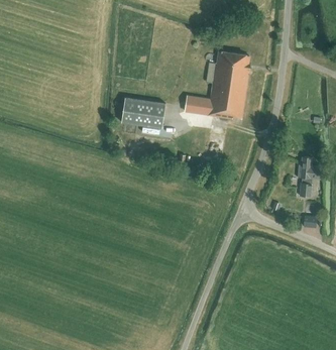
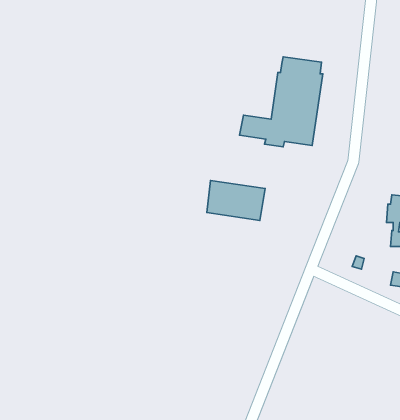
building: [122,97,166,127] -> [207,181,265,220]

